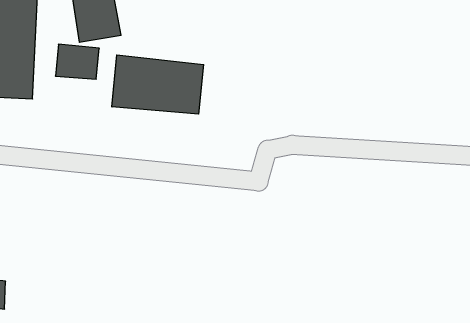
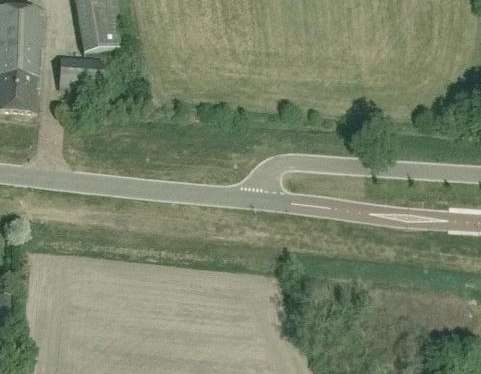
building: [112,55,204,114] -> none

